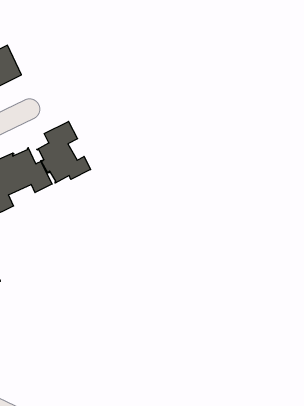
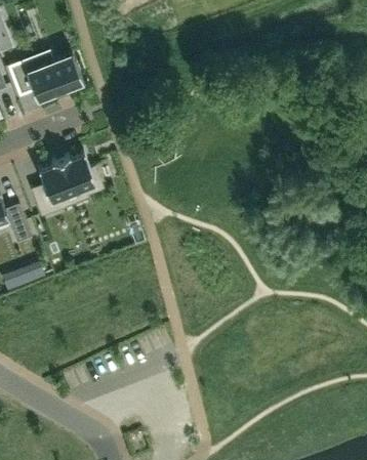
building: [37,121,91,183] -> none

